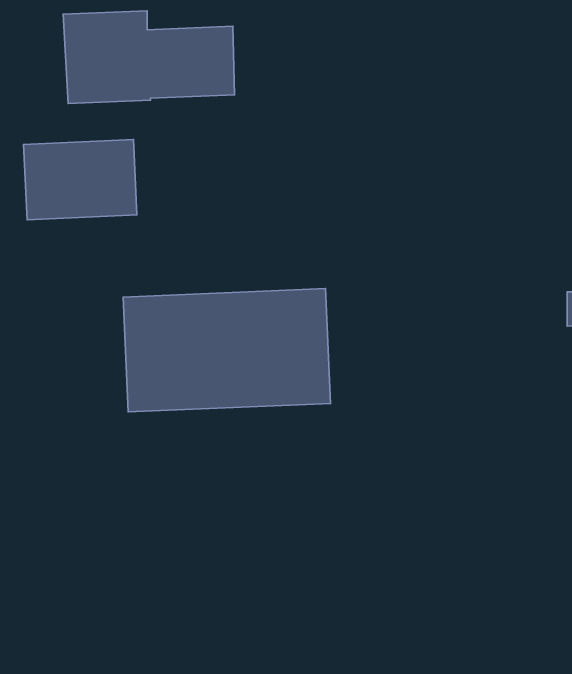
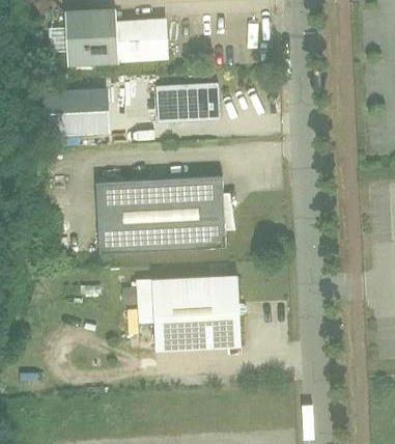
building: none -> [159,83,221,121]
building: none -> [138,274,239,350]

